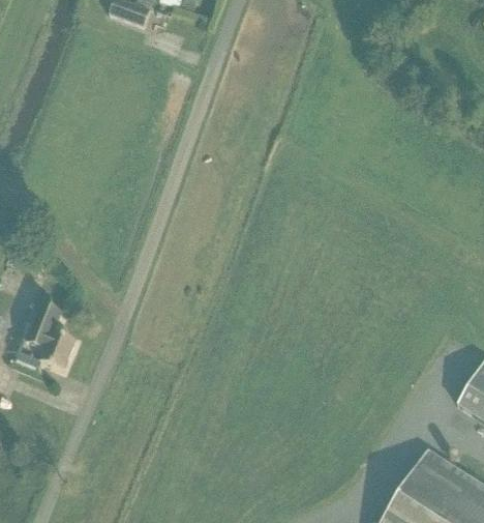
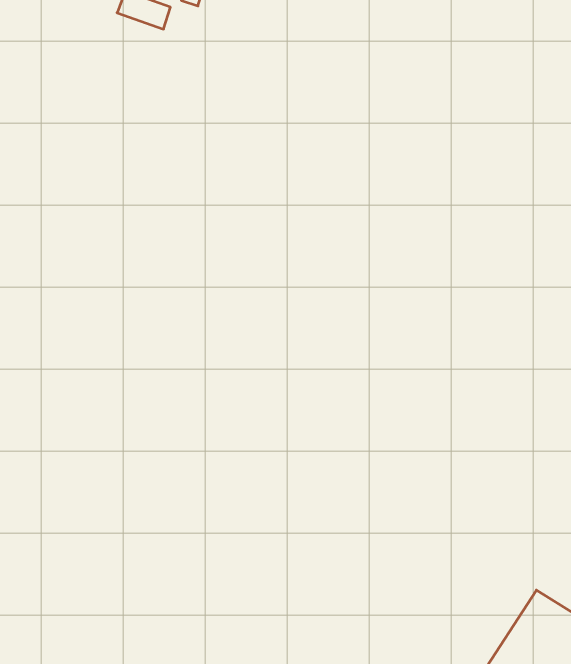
building: [28,307,75,372] -> none

